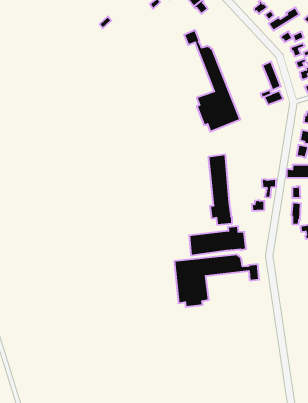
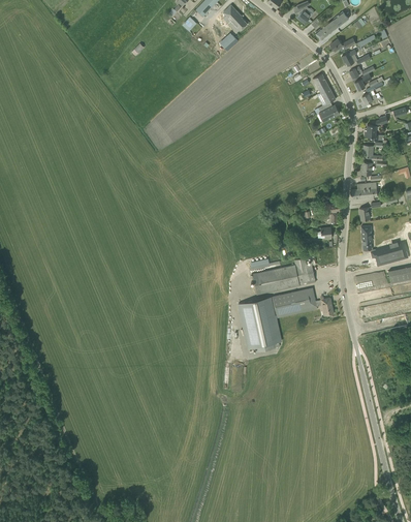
building: [184,30,240,132] -> none
building: [209,154,232,225] -> none

